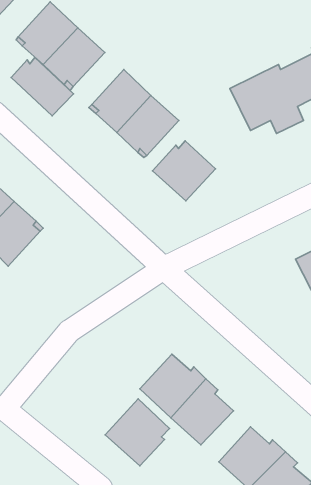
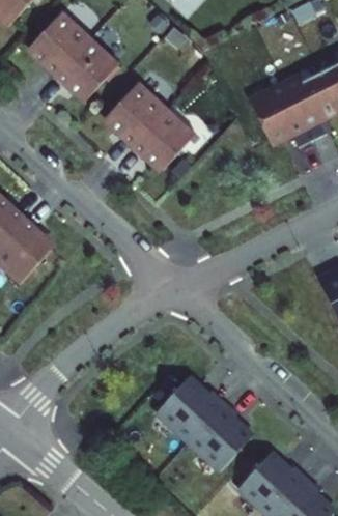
building: [11,58,73,116] -> none
building: [153,141,216,201] -> none
building: [105,399,170,466] -> none

